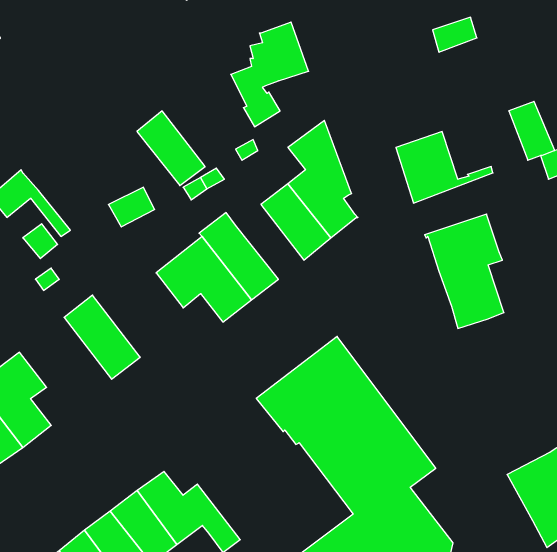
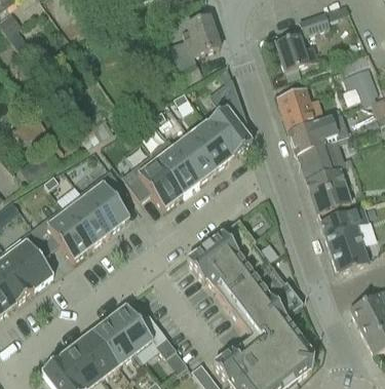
building: none -> [274,34,318,72]
building: [137,111,205,186] -> [172,133,217,182]
building: none -> [287,113,346,153]
building: none -> [80,170,129,232]
building: none -> [319,205,368,273]
building: none -> [33,206,92,261]

